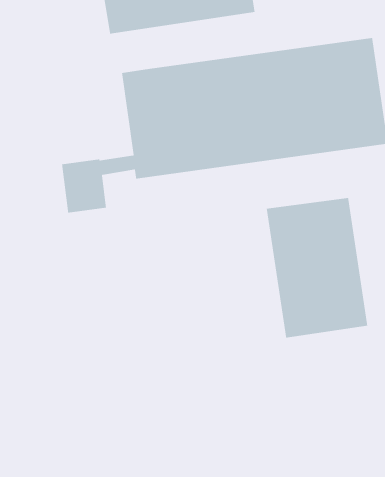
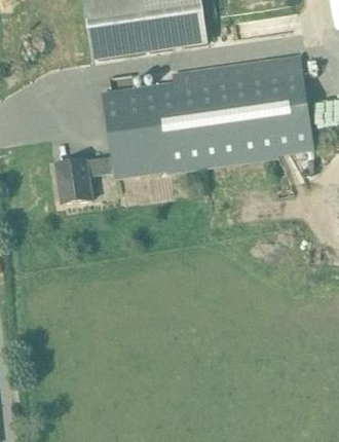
building: [266,197,368,338] -> none

